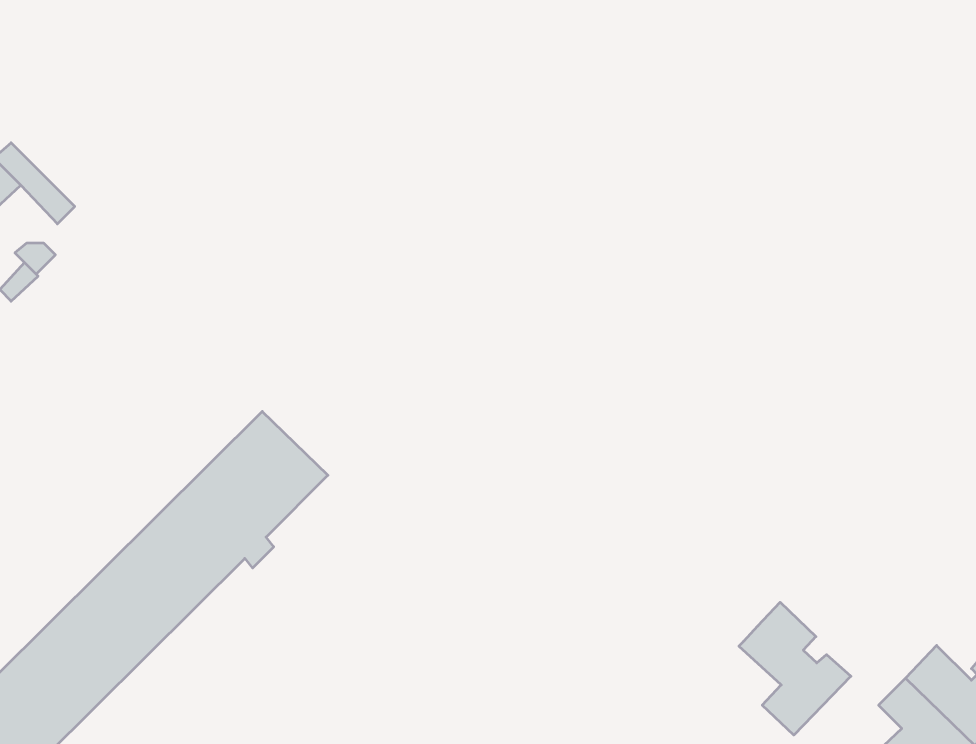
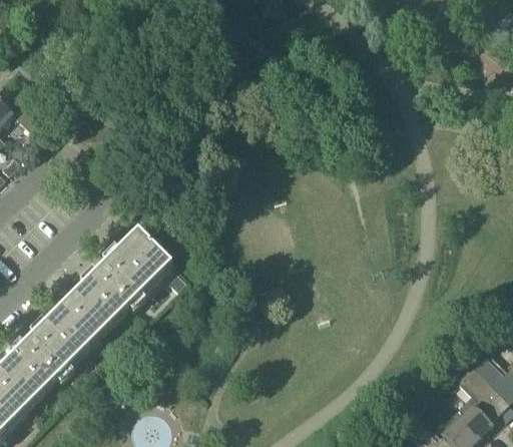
building: [739,602,851,735] -> none

